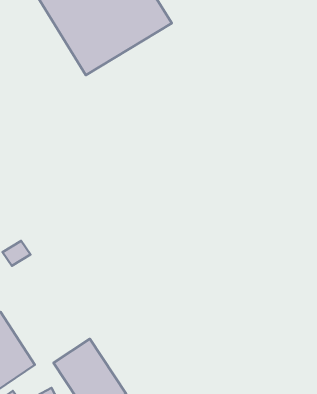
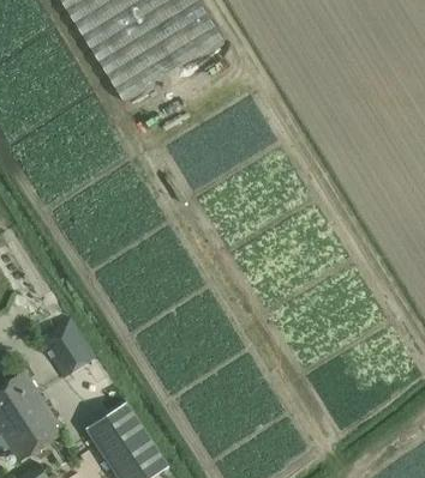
building: none -> [36,316,97,380]

